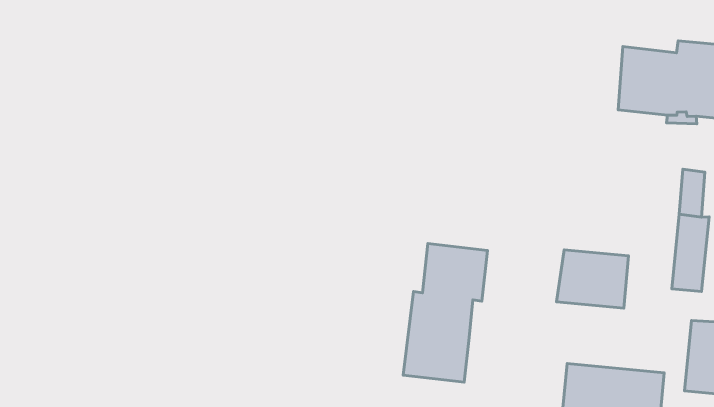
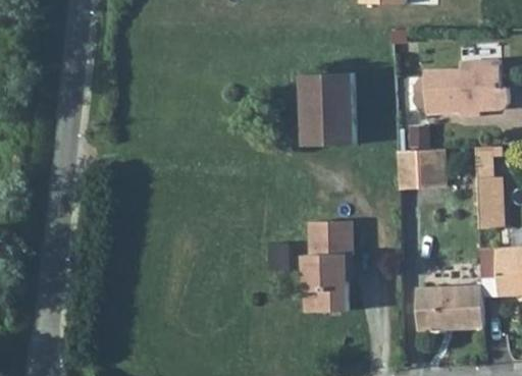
building: none -> [303,72,356,146]
building: [557,250,628,308] -> [398,149,443,186]

